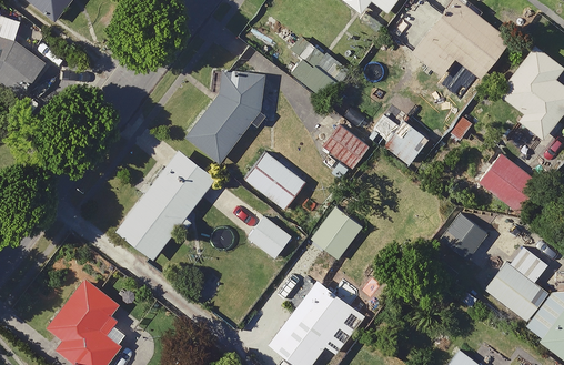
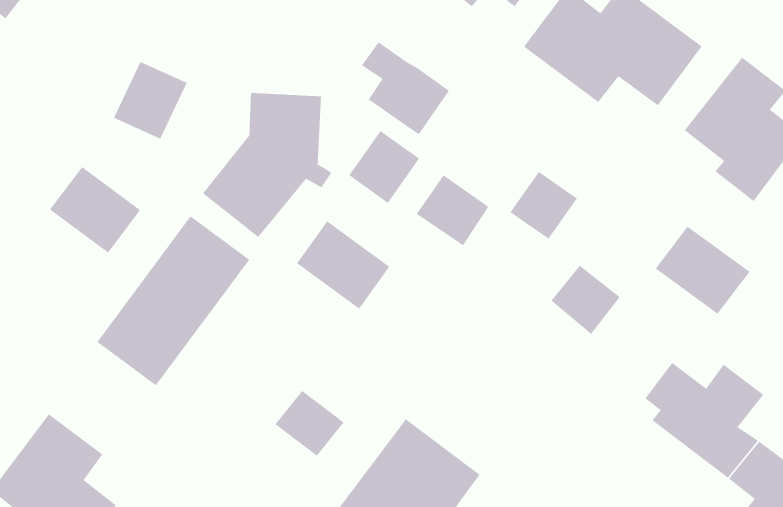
building: none -> [113,61,187,139]
building: none -> [349,130,420,204]
building: none -> [49,166,141,254]
building: [310,204,365,261] -> none
building: [441,214,486,260] -> [551,265,621,335]
building: [246,216,292,260] -> [275,390,345,457]

